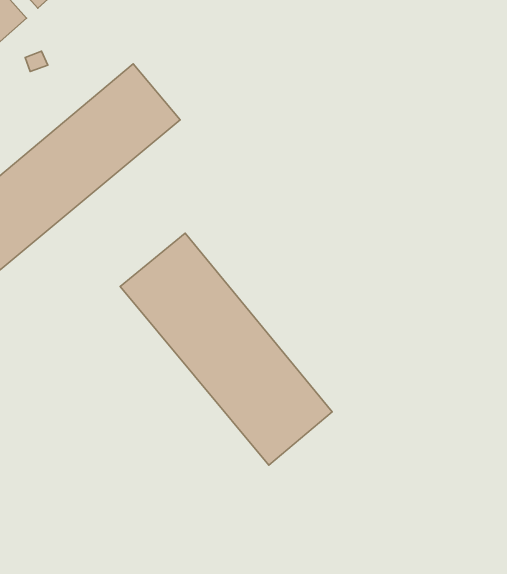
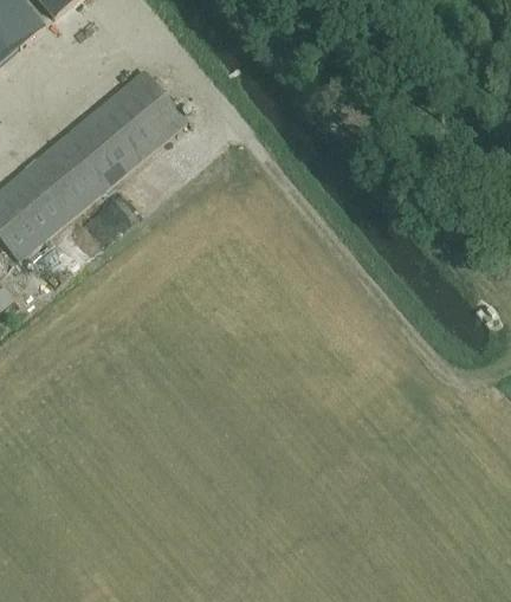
building: [120,233,332,465] -> none

